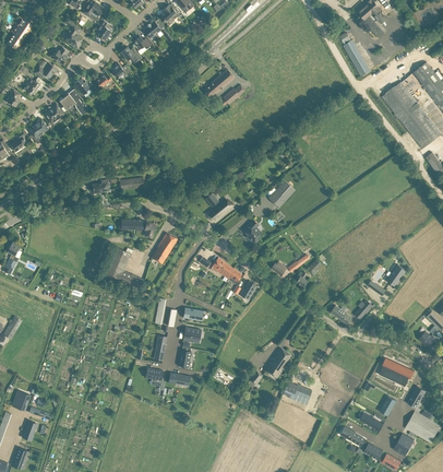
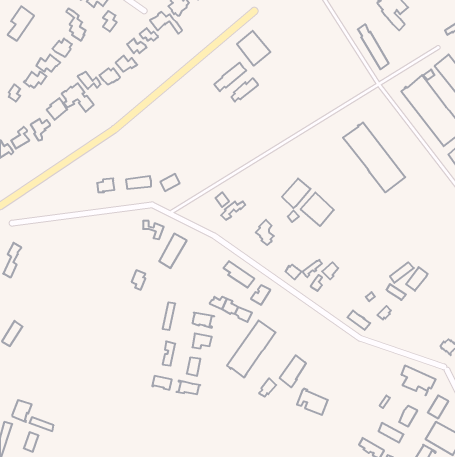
building: none -> [237,31,270,66]
building: none -> [343,122,405,192]
building: none -> [301,192,334,226]
building: none -> [227,320,276,378]

